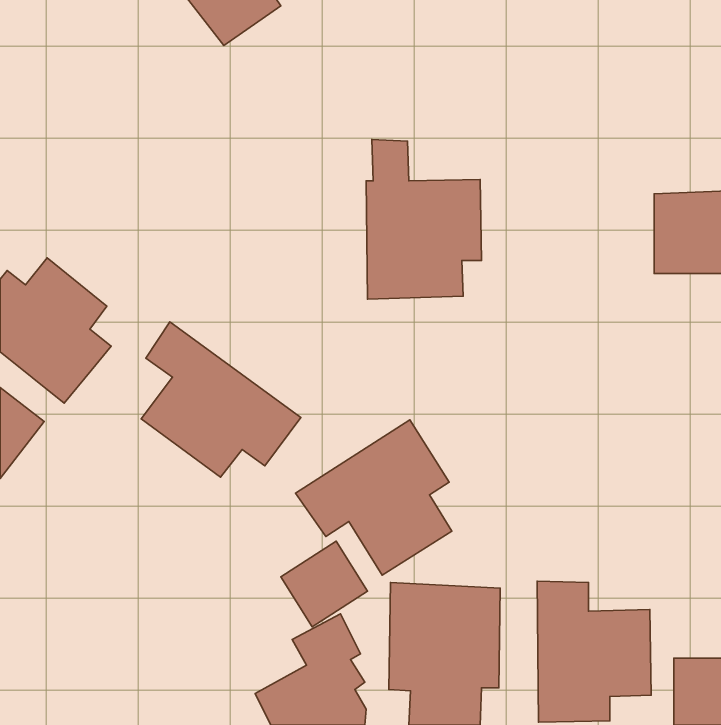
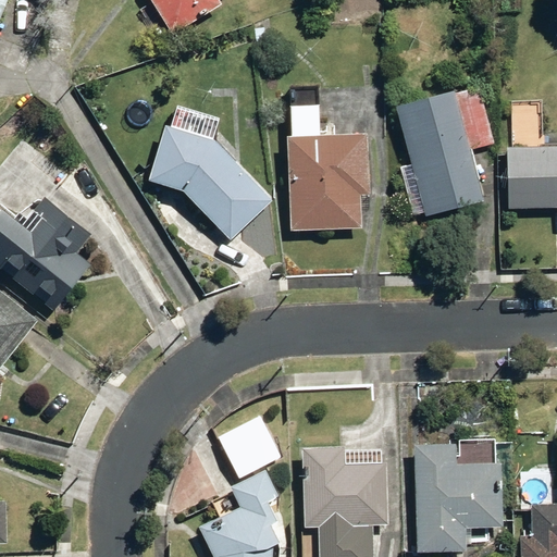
building: none -> [393,84,496,218]
building: none -> [150,128,271,238]
building: [141,322,301,477] -> none
building: [296,420,452,575] -> none

